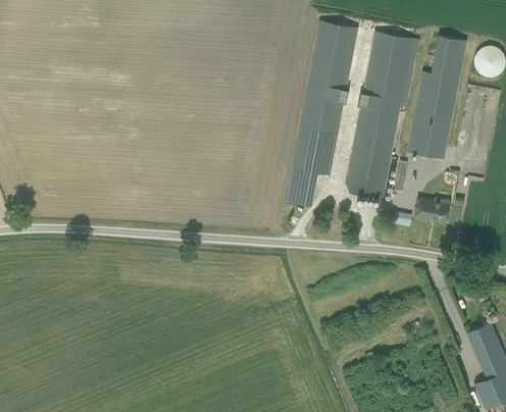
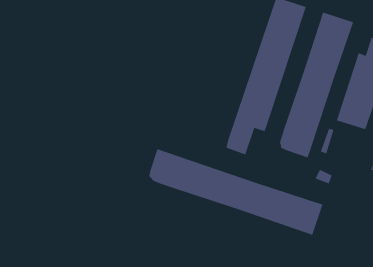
building: [415,199,450,222] -> none
building: none -> [148,148,324,236]

